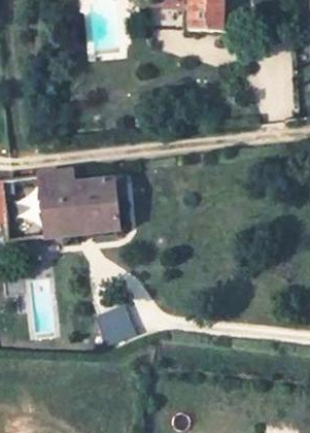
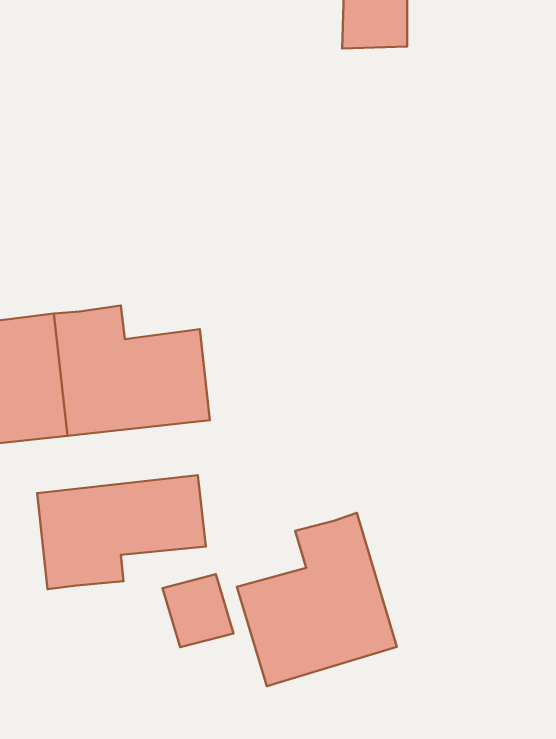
building: none -> [37,475,206,589]
building: none -> [237,513,397,686]

